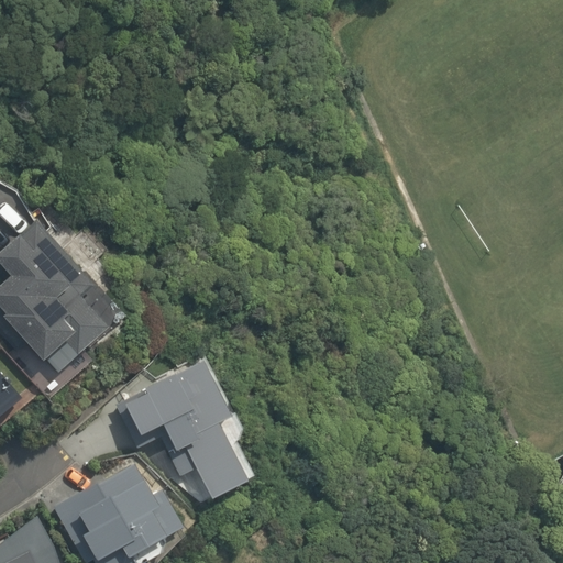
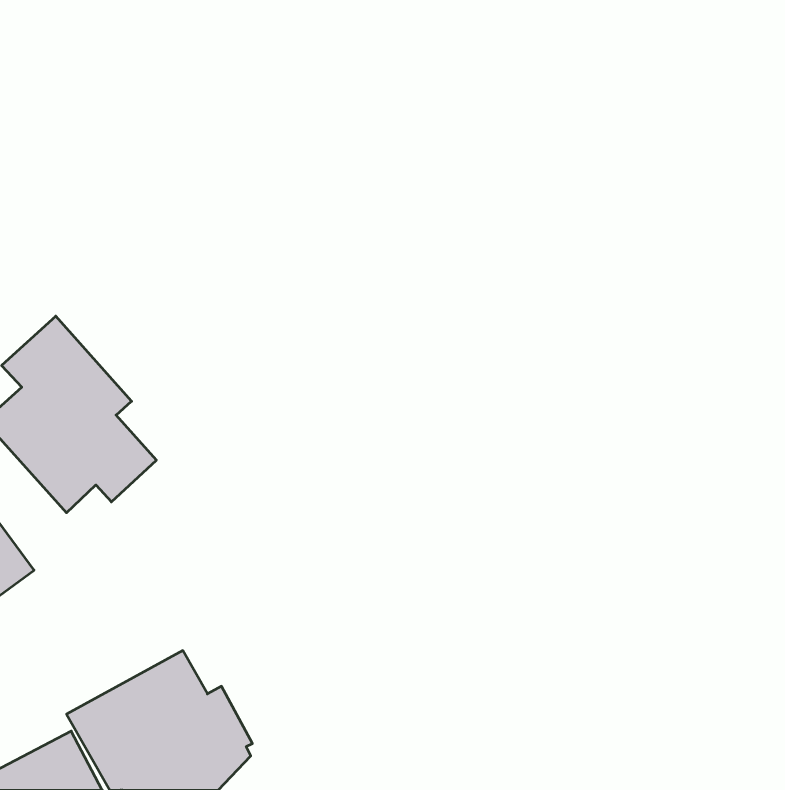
building: [110,362,247,499] -> none

